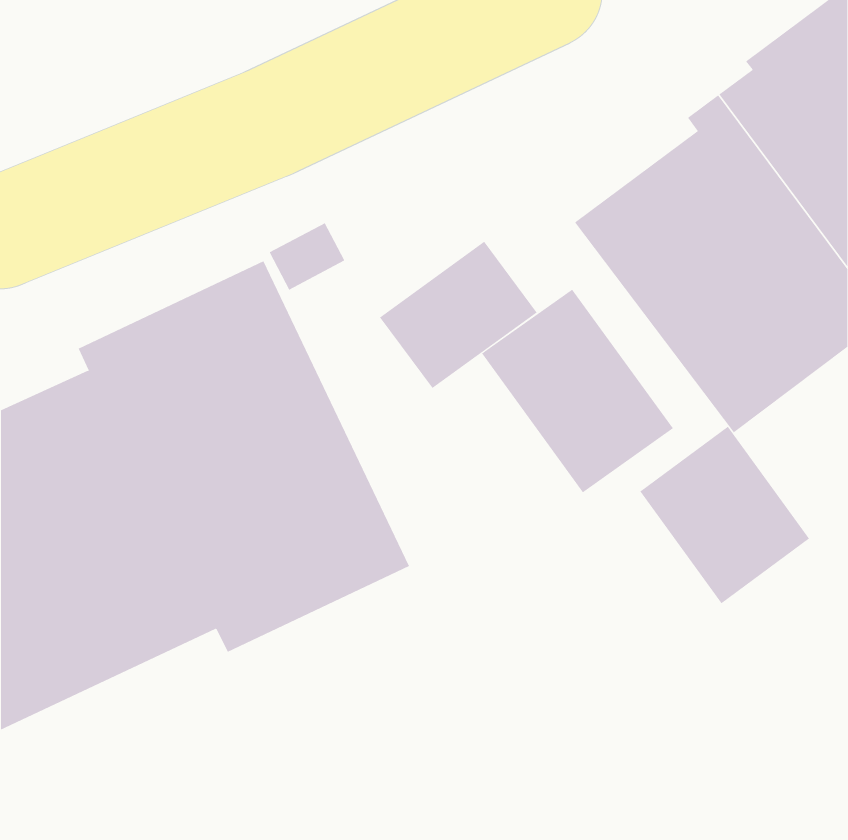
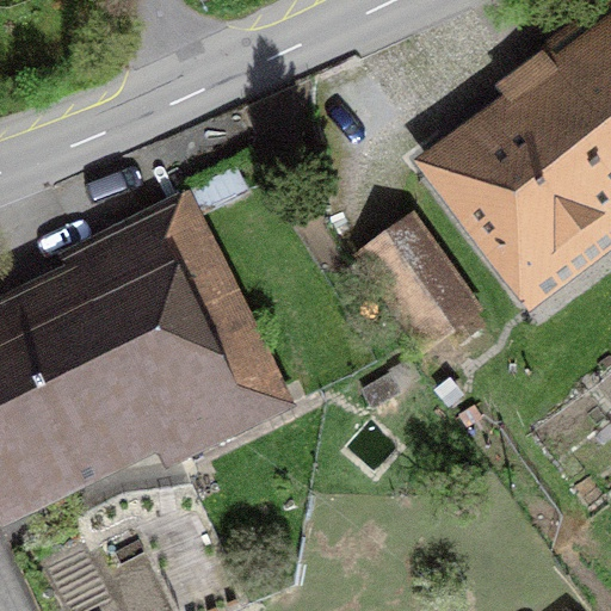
building: [379,241,537,389] -> none
building: [640,426,810,604] -> none

